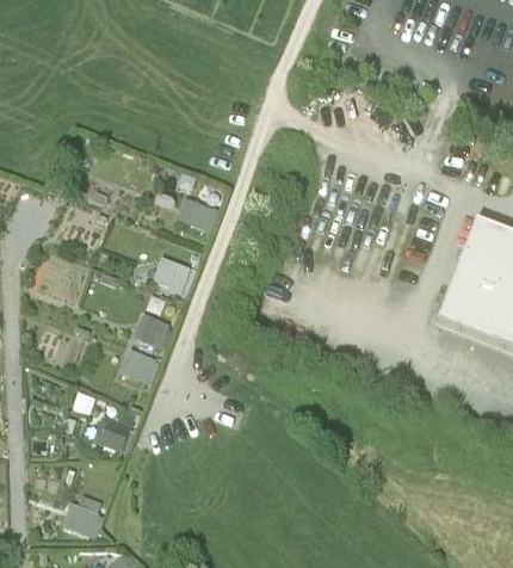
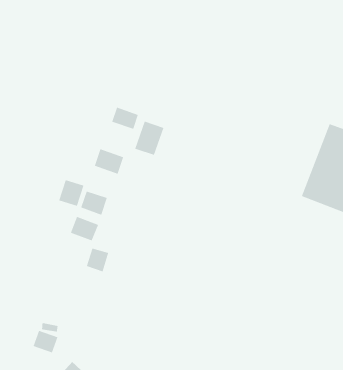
building: none -> [134,121,164,156]
building: none -> [58,179,85,207]
building: [97,416,129,451] -> [86,247,109,273]

